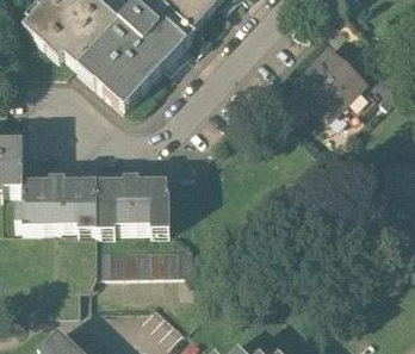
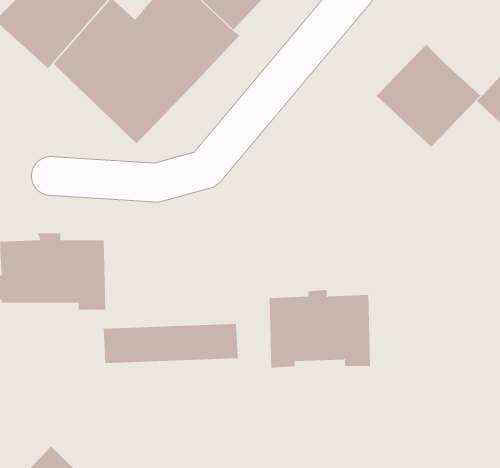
building: [98,175,171,231] -> [269,290,371,368]

